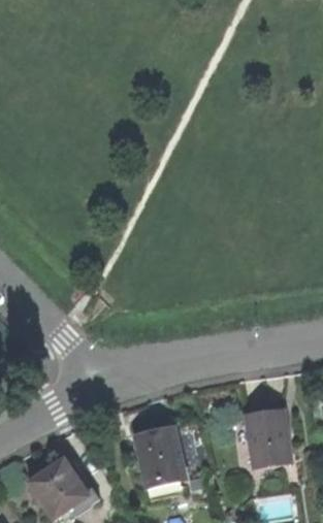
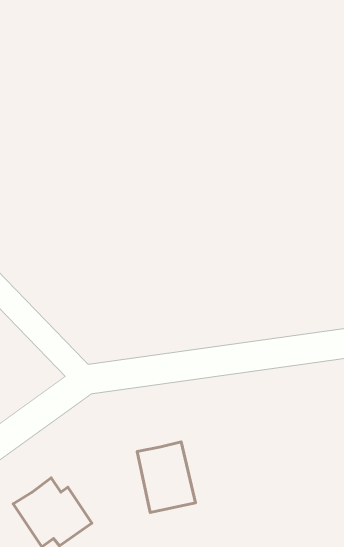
building: [247,411,292,466] -> none

